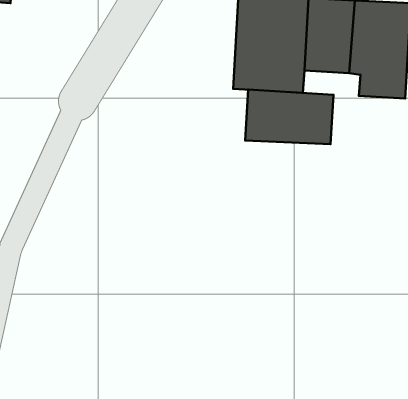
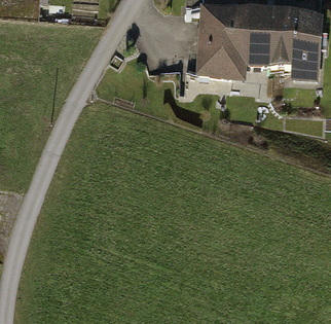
building: [245,90,333,144] -> none

